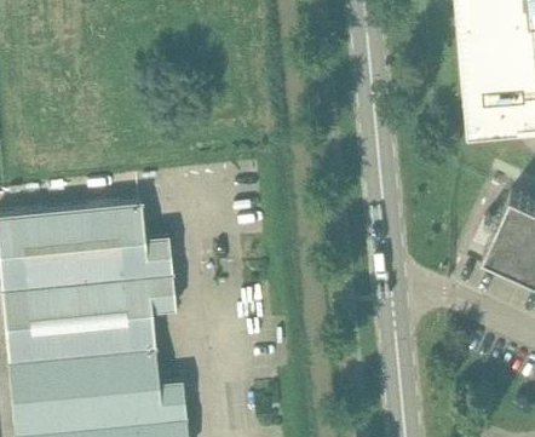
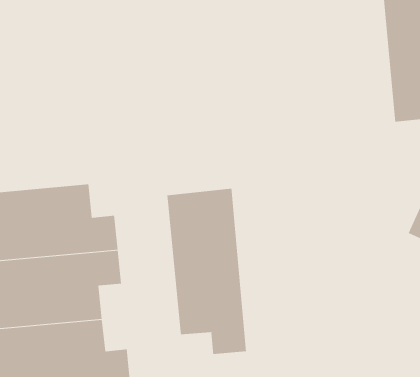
building: none -> [167,188,246,355]

